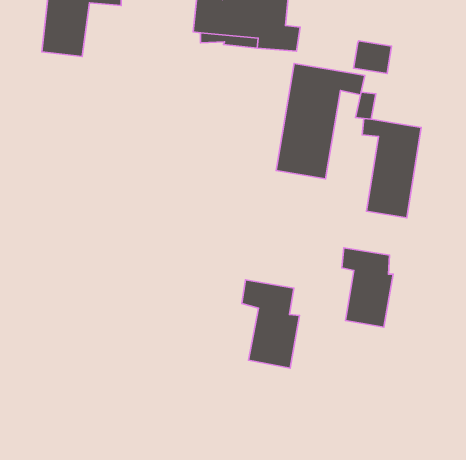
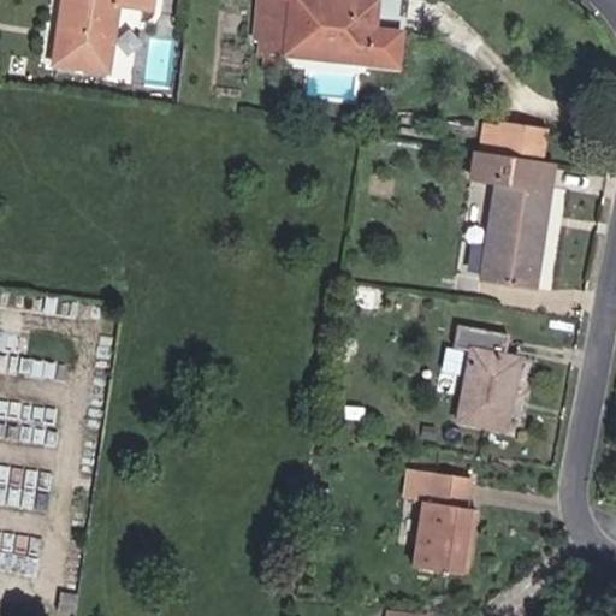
building: [353,41,392,73] -> [490,122,540,165]
building: [276,64,365,179] -> none
building: [242,280,299,368] -> [403,464,479,581]

